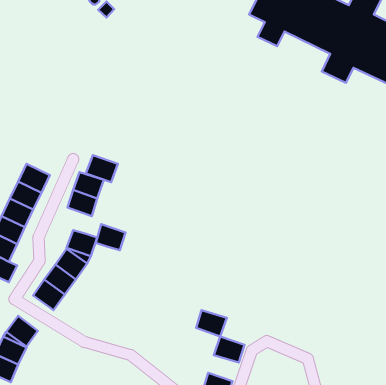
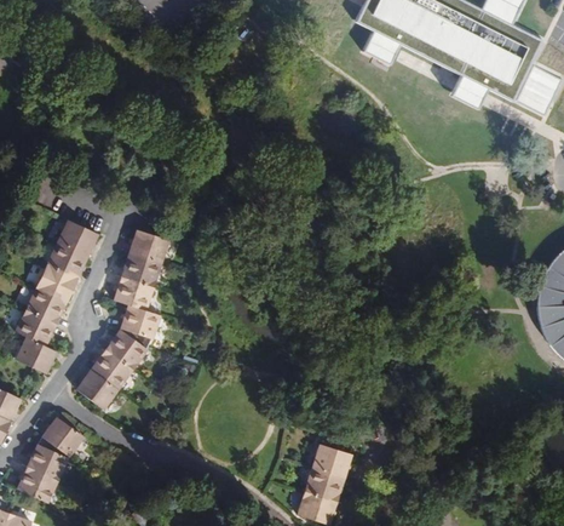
building: [86,155,118,182] -> none
building: [96,224,126,250] -> [114,275,152,309]
building: [196,310,227,336] -> [304,467,344,501]

